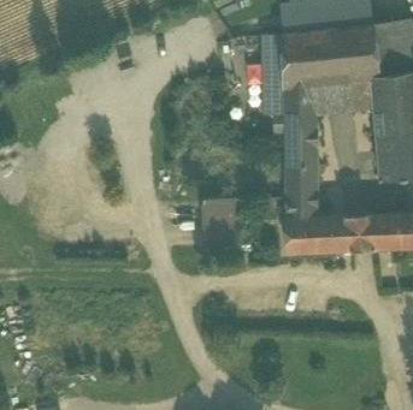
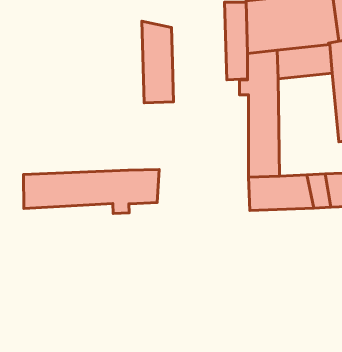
building: none -> [142,21,174,103]
building: [203,200,235,248] -> none
building: none -> [23,170,159,214]

